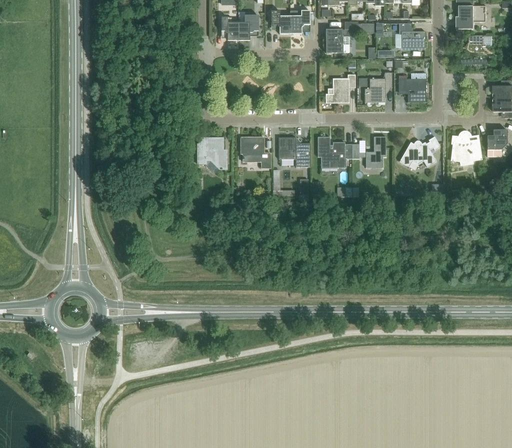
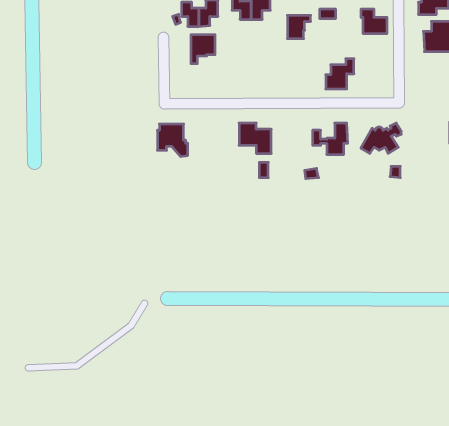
building: none -> [191,35,215,64]
building: [325,74,355,102] -> none
building: [398,78,426,102] -> none
building: [451,132,482,164] -> none
building: [317,136,351,167] -> none
building: [240,137,270,167] -> none

